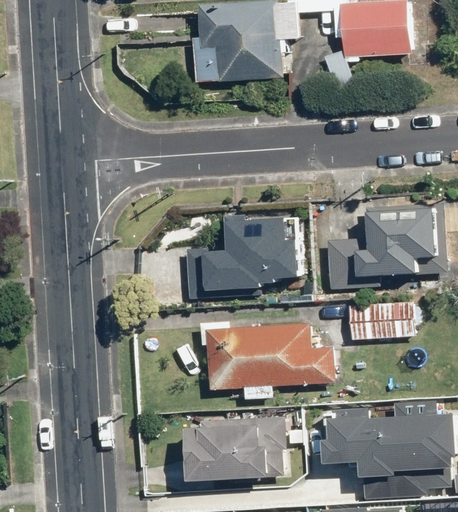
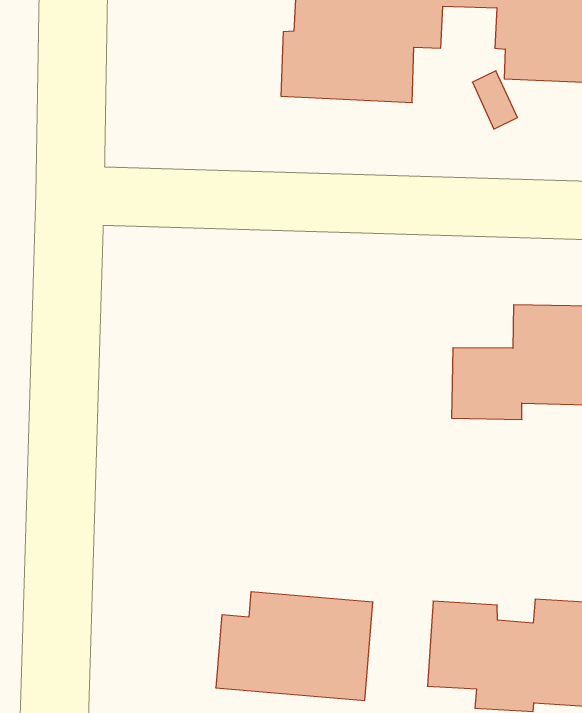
building: [182,215,299,298] -> none
building: [344,301,412,342] -> none
building: [199,319,335,399] -> none

